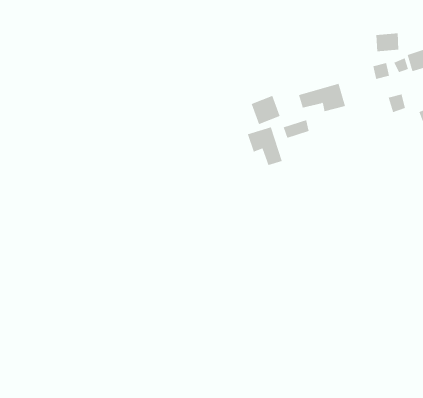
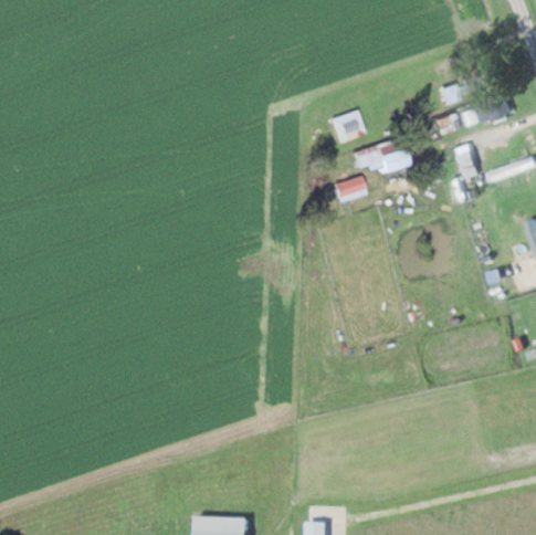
building: [251,95,281,125] -> [329,108,364,143]
building: [247,127,282,166] -> none

